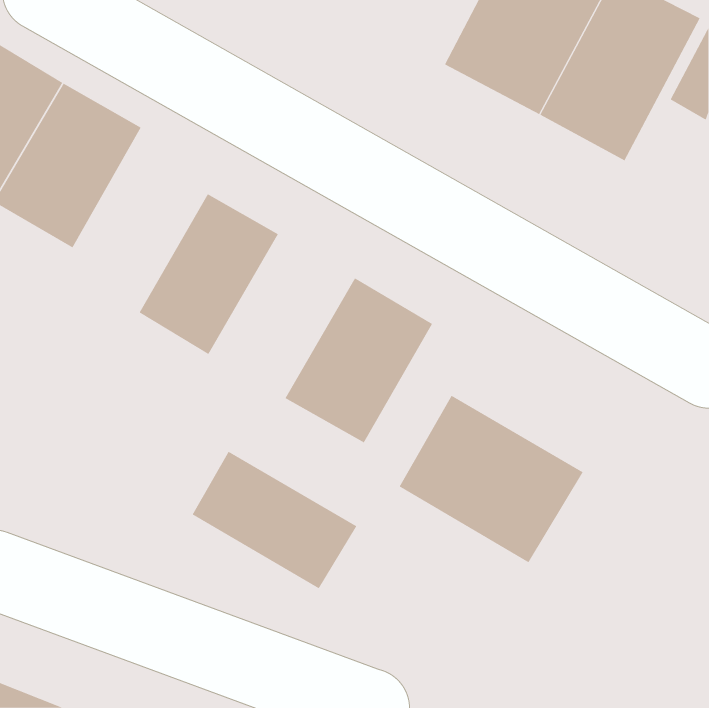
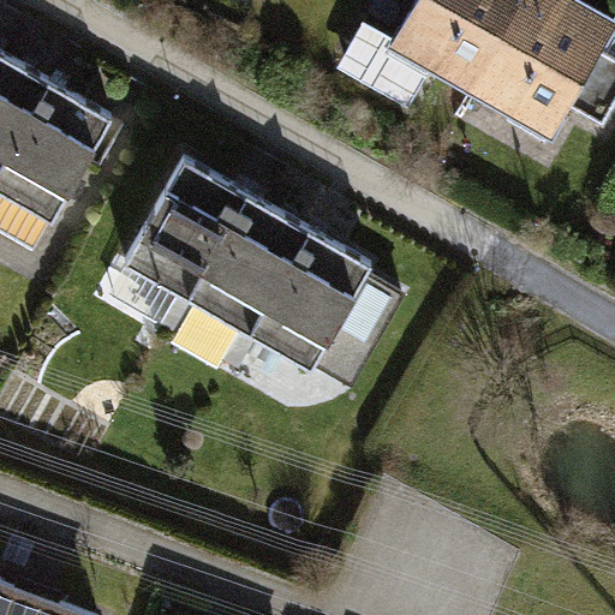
building: none -> [179,201,304,341]
building: [399,395,583,563] -> none
building: [192,451,357,589] -> none

